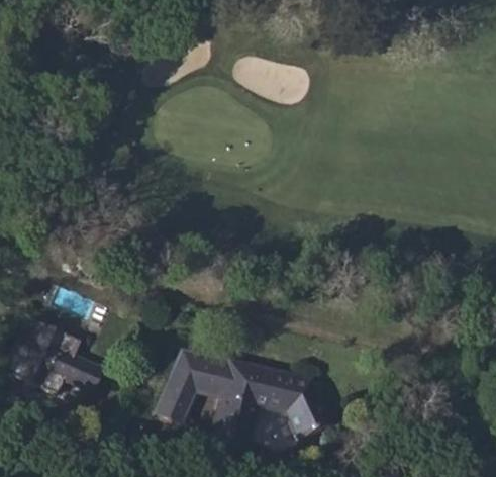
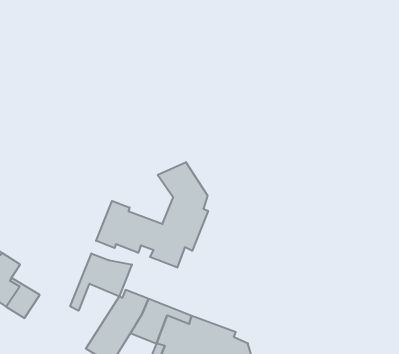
building: none -> [96,162,208,268]
building: none -> [70,253,132,311]

